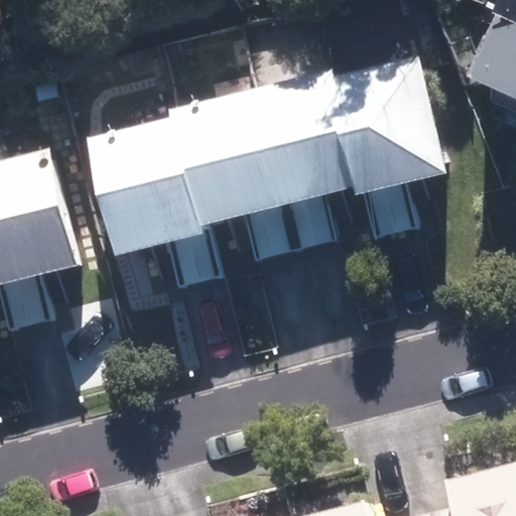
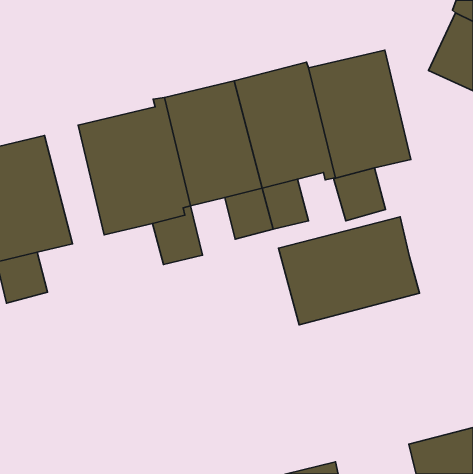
building: none -> [278,217,419,325]

